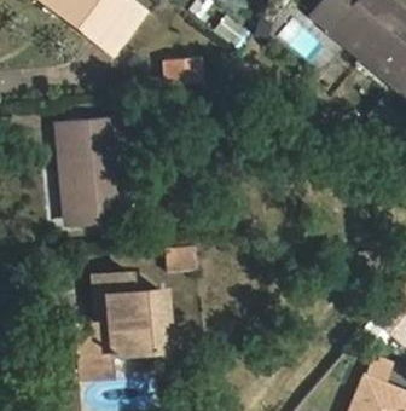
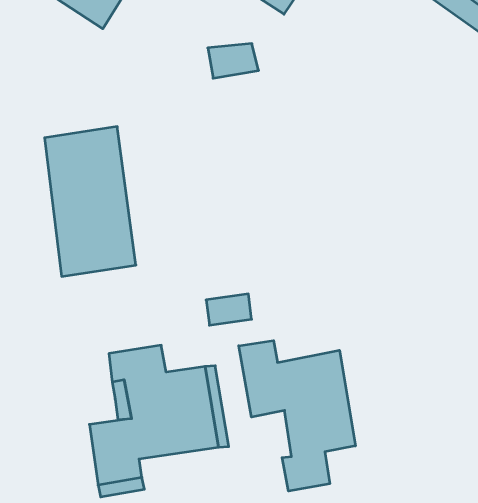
building: none -> [239,341,355,491]

